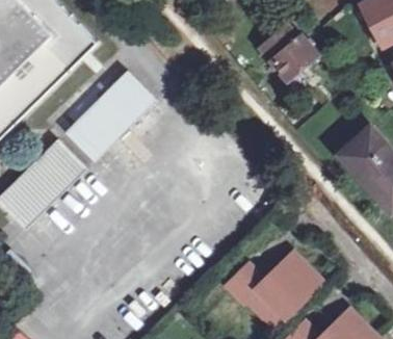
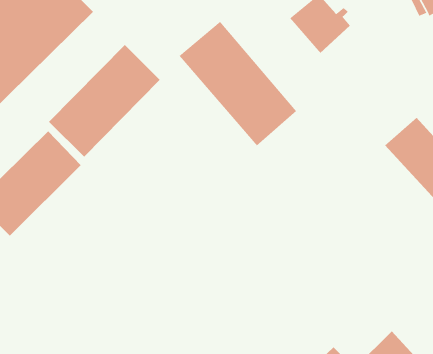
building: none -> [179,21,297,147]
building: [228,254,321,325] -> none

